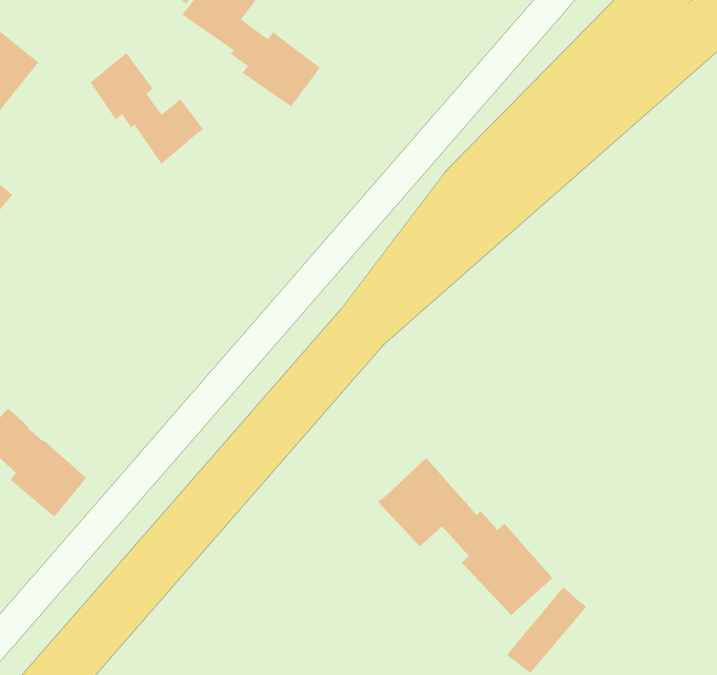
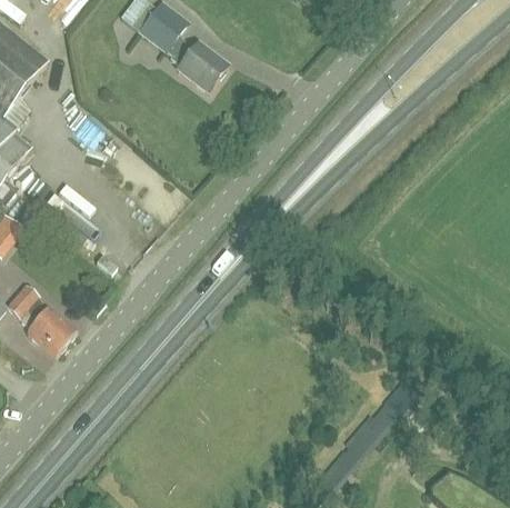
building: [90,52,204,165] -> none
building: [377,457,553,616] -> none

